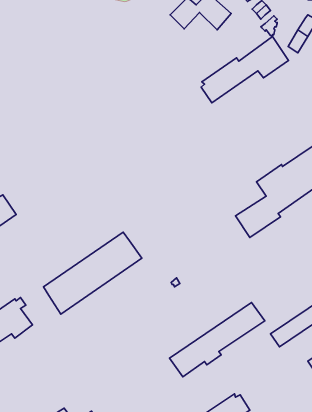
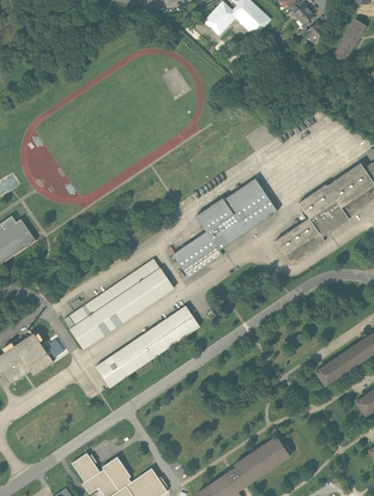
building: [201,37,289,103] -> none
building: none -> [173,179,277,278]
building: [170,302,265,377] -> [95,306,199,387]

